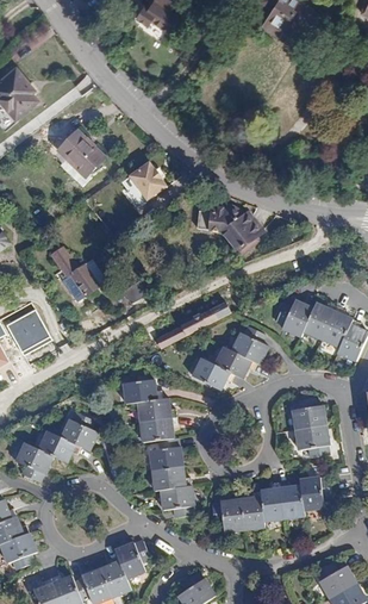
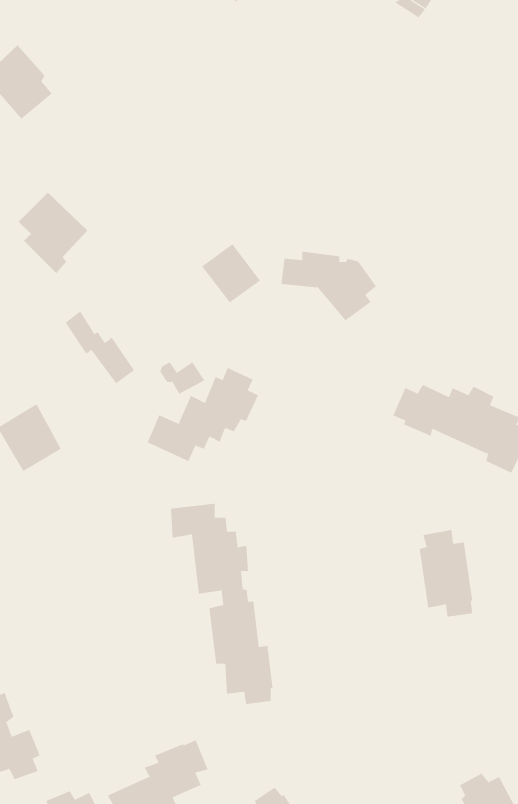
building: [58,131,106,187] -> [18,192,88,274]
building: [126,163,167,204] -> [201,244,261,303]
building: [193,323,269,387] -> [147,367,259,462]
building: [14,411,96,480] -> none
building: [212,477,329,533] -> none

